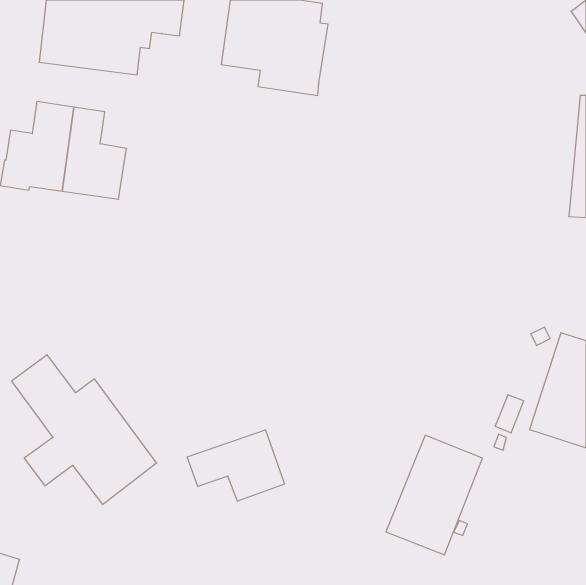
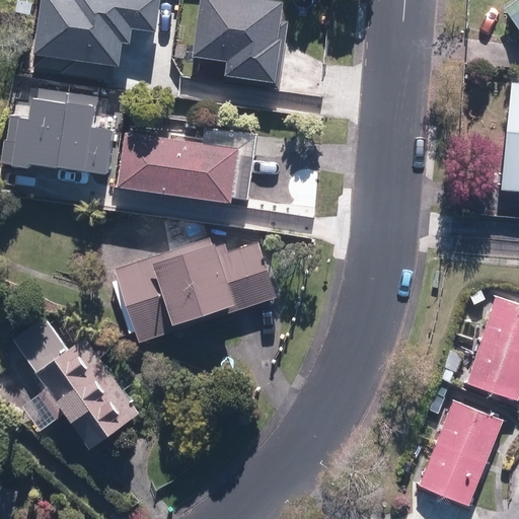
building: none -> [120,133,239,202]
building: none -> [116,239,278,345]
building: [187,430,285,501] -> none
building: [386,435,483,555] -> [417,399,502,505]

